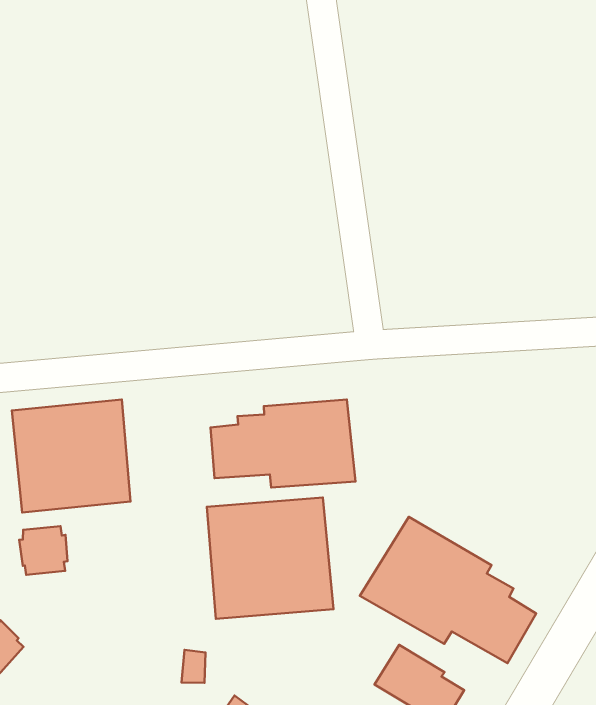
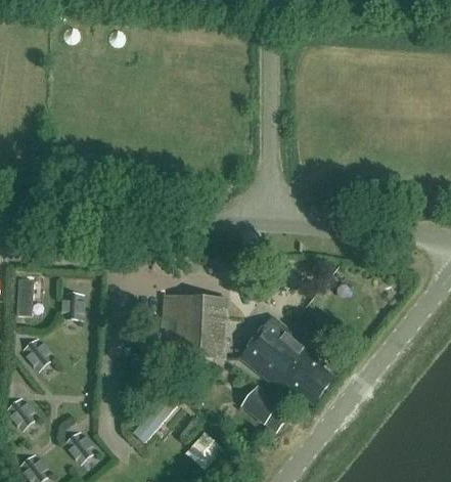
building: [211,399,356,487] -> none
building: [12,400,130,512] -> none

